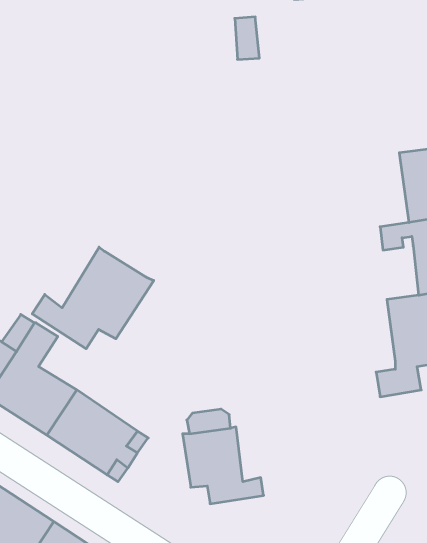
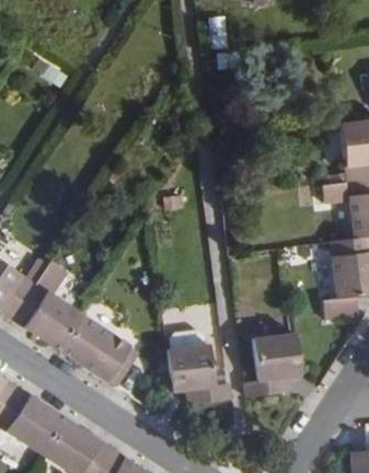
building: [32,247,154,349] -> none
building: none -> [243,332,299,396]

